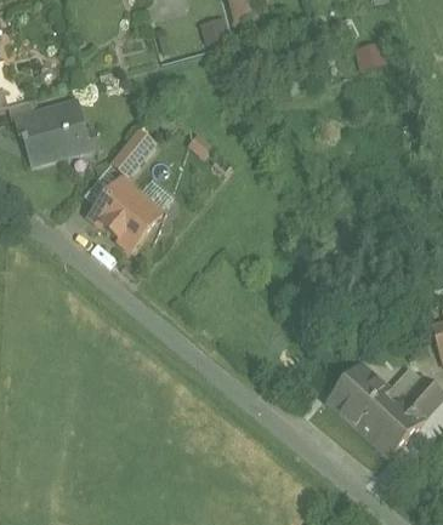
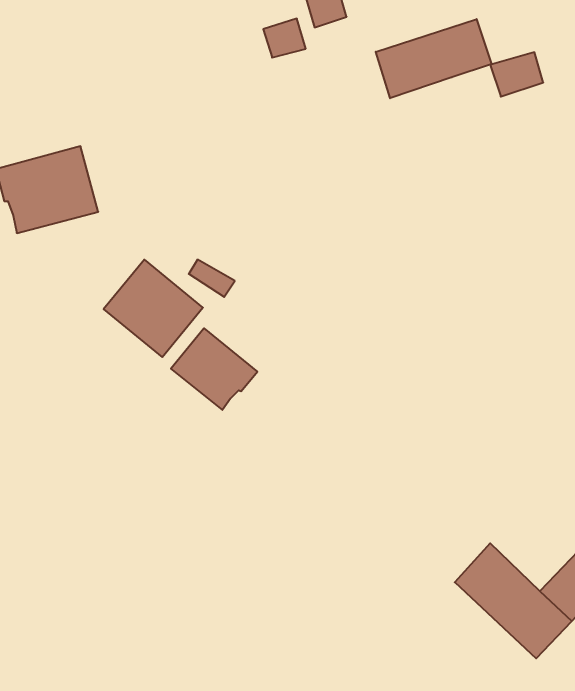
building: none -> [376,19,492,98]
building: [110,130,153,173] -> none
building: none -> [171,328,257,410]

